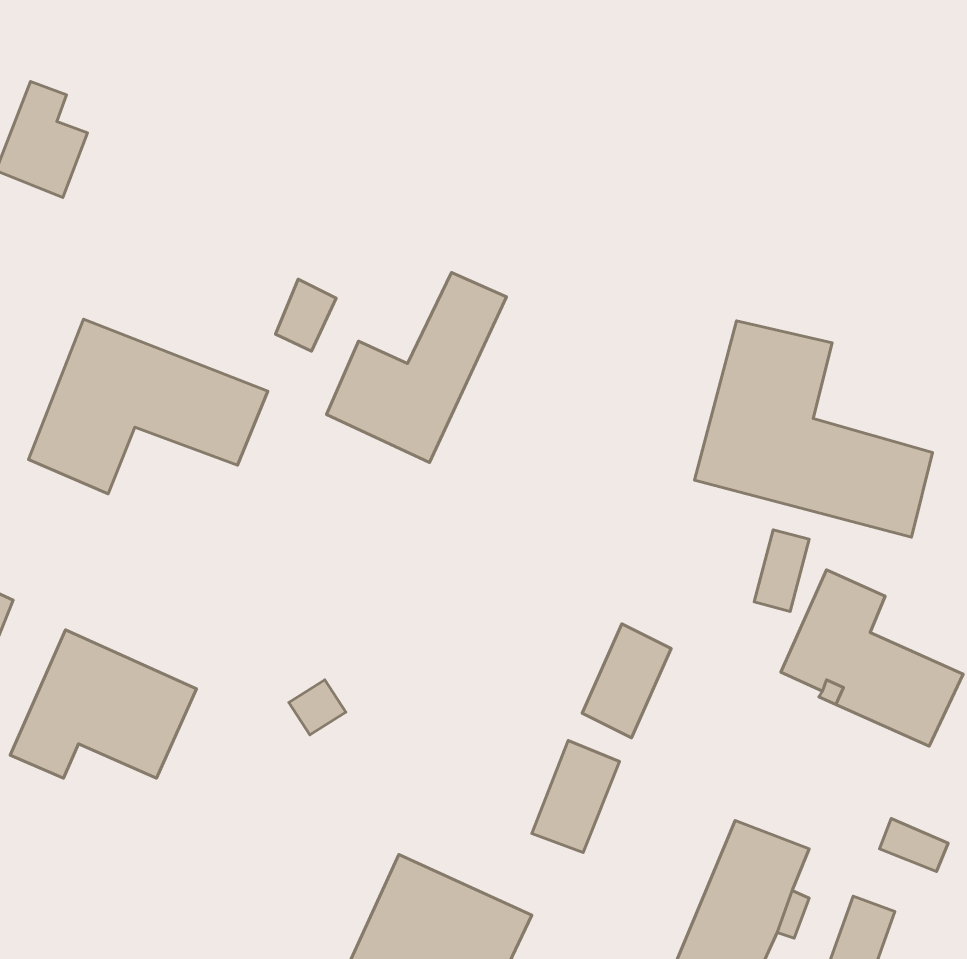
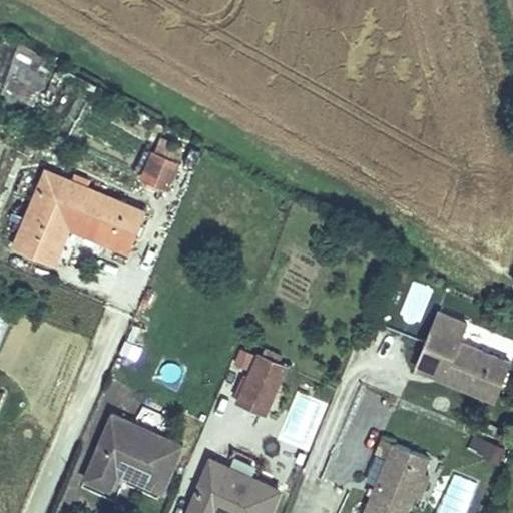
building: [327,273,507,462] -> none
building: [694,321,932,537] -> none
building: [582,624,671,738] -> [233,356,281,416]
building: [10,630,196,778] -> [84,417,182,495]

